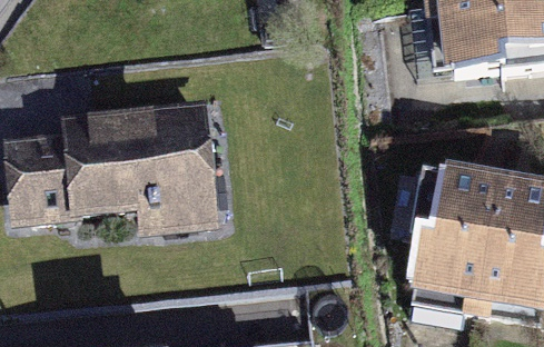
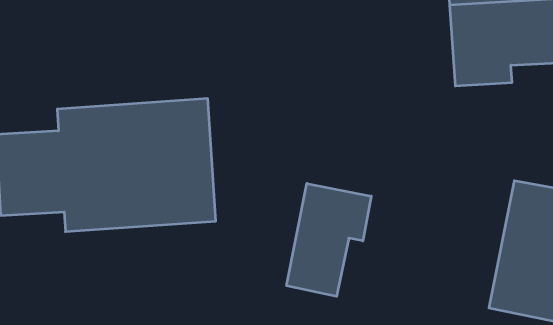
building: [402,179,503,314] -> none
building: none -> [287,183,371,296]

